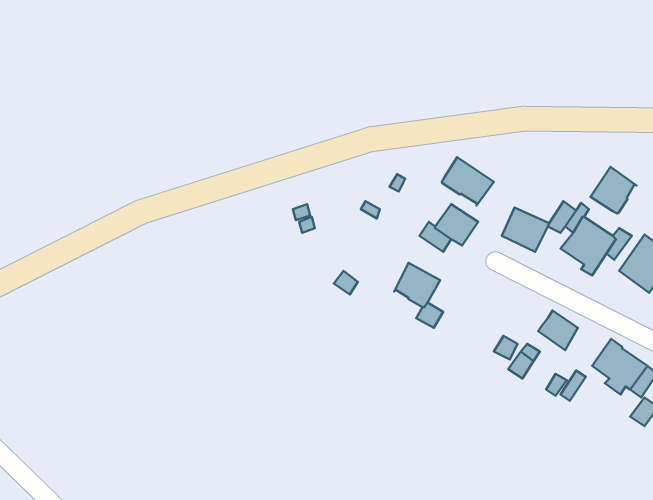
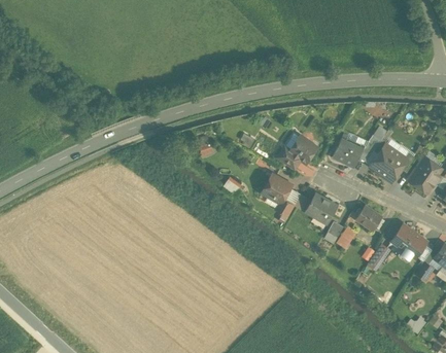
building: [442,157,494,205] -> none
building: [590,167,636,213] -> none
building: none -> [305,193,337,223]

